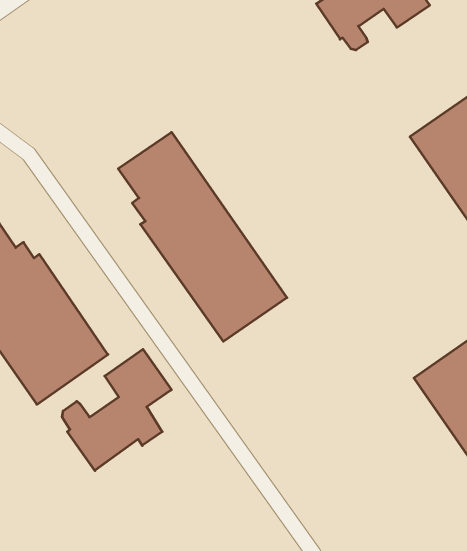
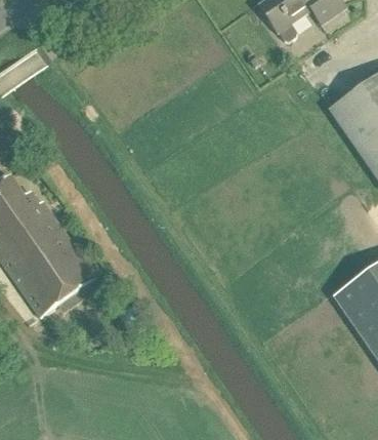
building: [118,132,287,341] -> none
building: [62,349,171,471] -> none

